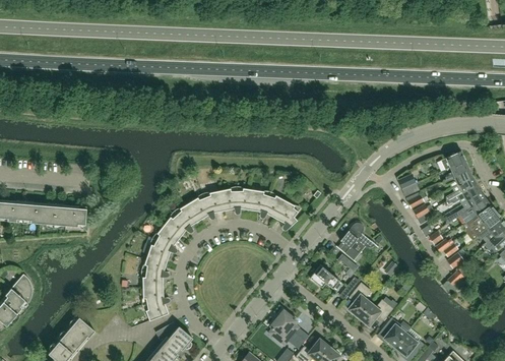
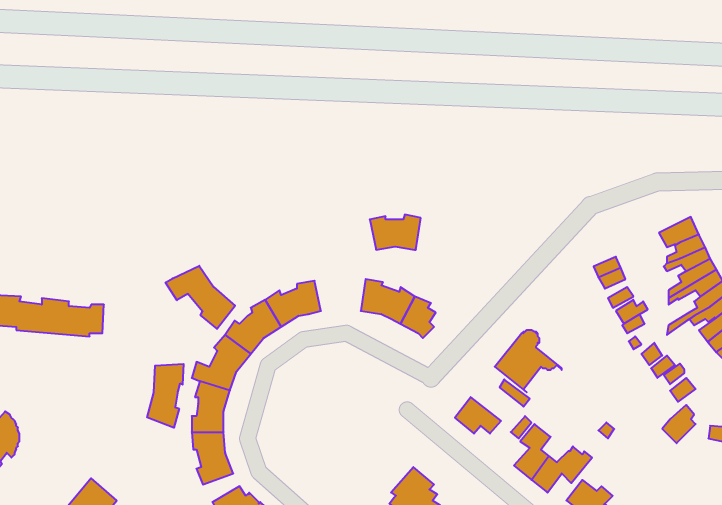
building: none -> [166,266,235,329]
building: [220,188,253,210] -> [370,215,421,250]
building: none -> [147,364,184,428]

